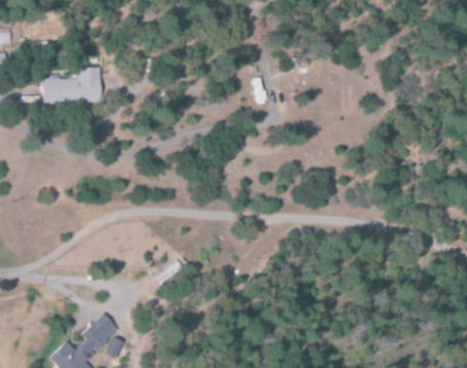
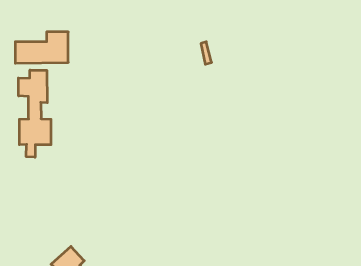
building: none -> [18,70,51,157]

